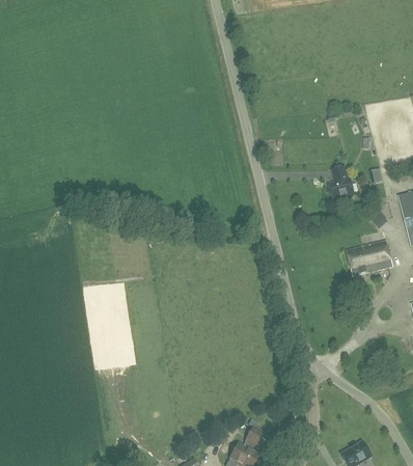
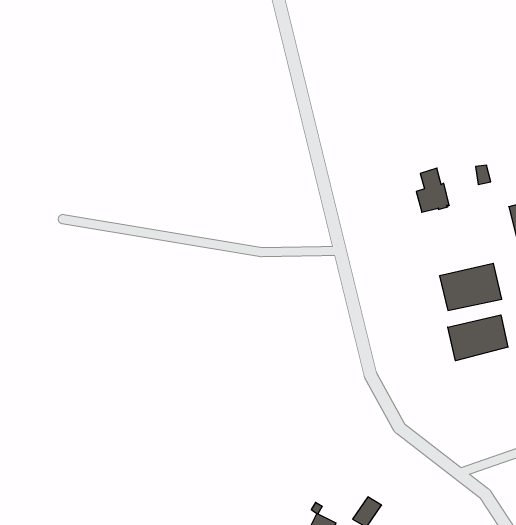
building: none -> [448,315,508,361]

